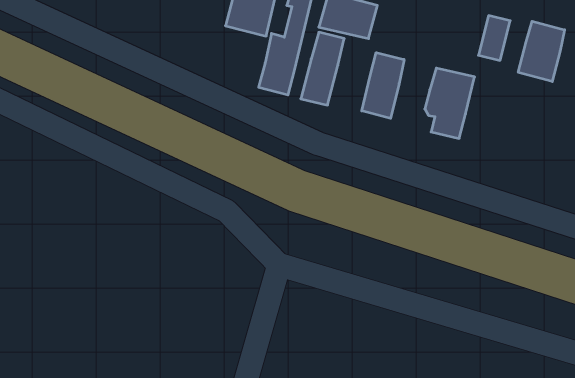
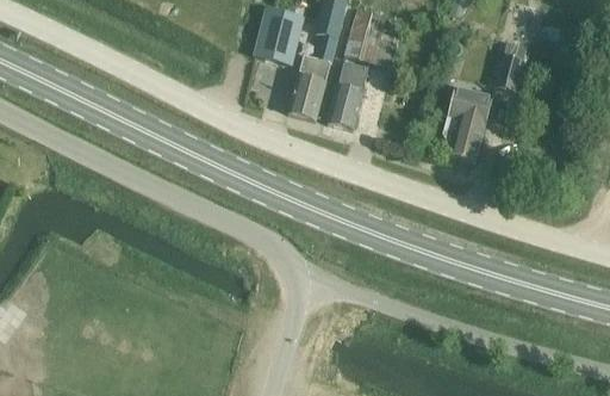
building: [518,21,565,82] -> none
building: [362,53,404,118] -> none

